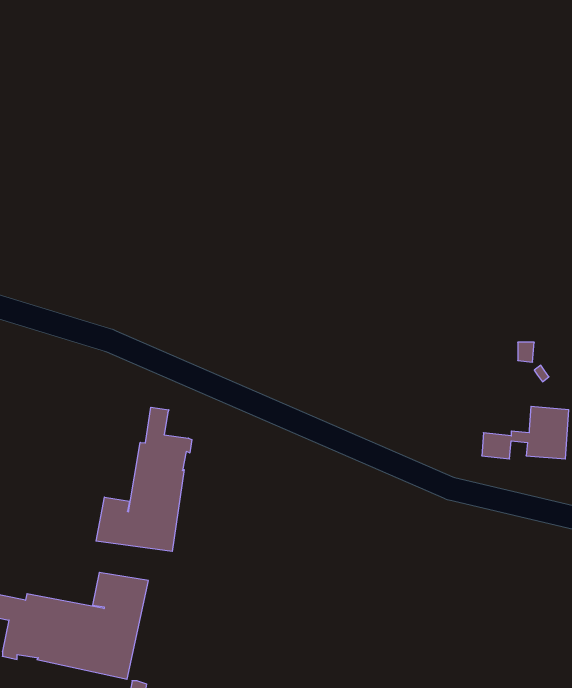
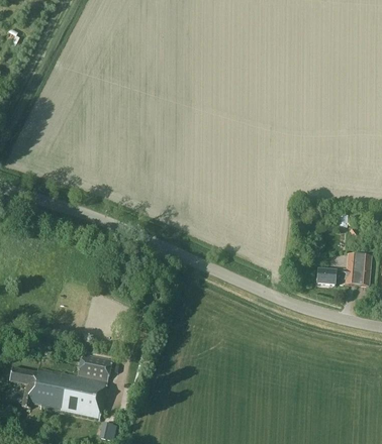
building: [96,407,192,551] -> none

